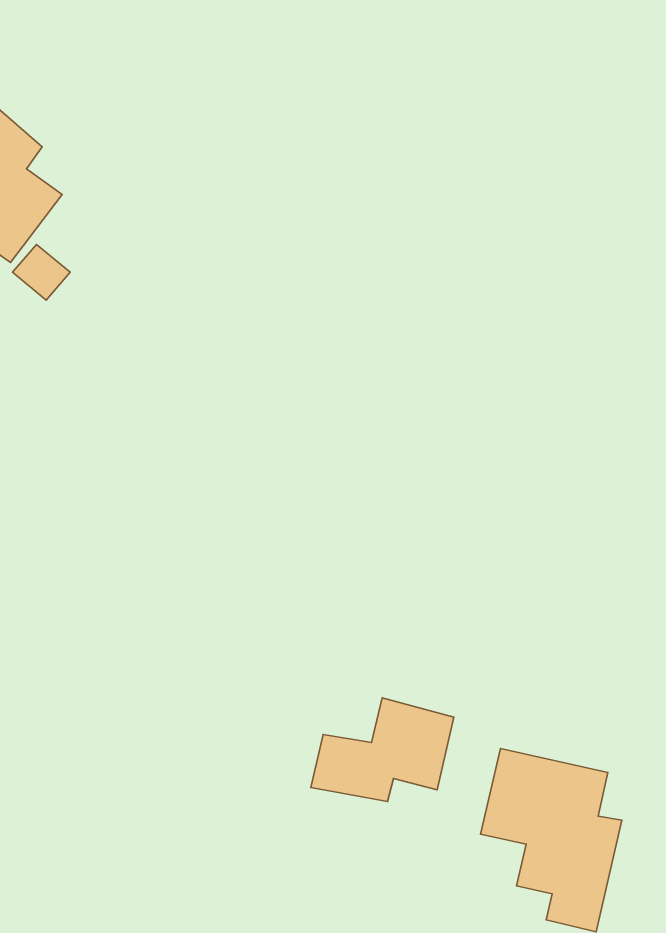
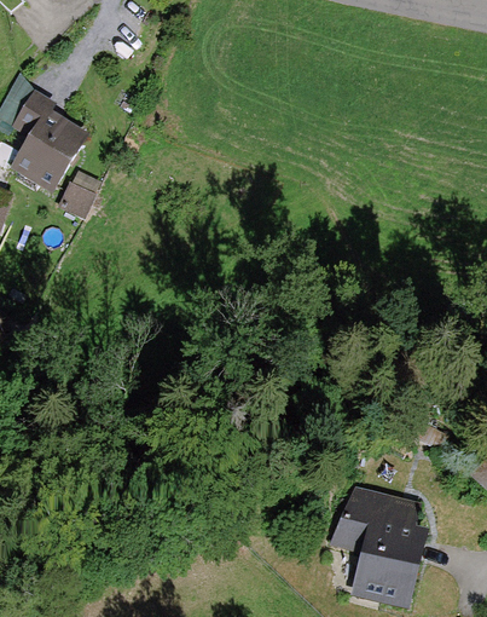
building: [311,698,454,801] -> none

